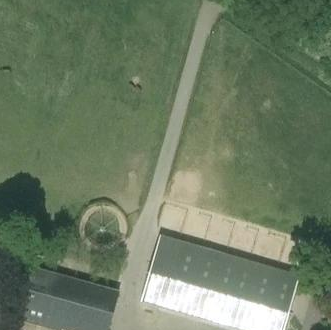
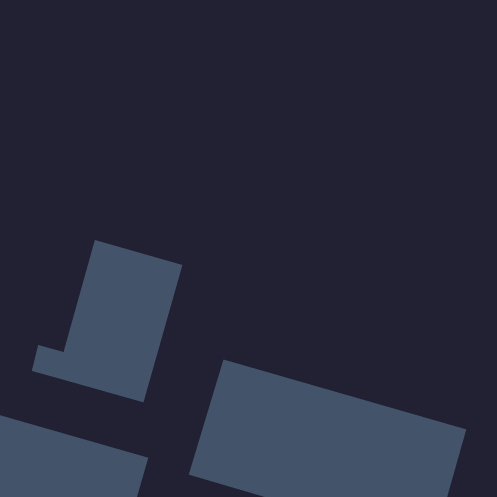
building: none -> [31,239,183,403]

